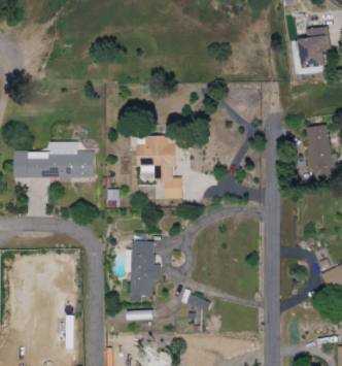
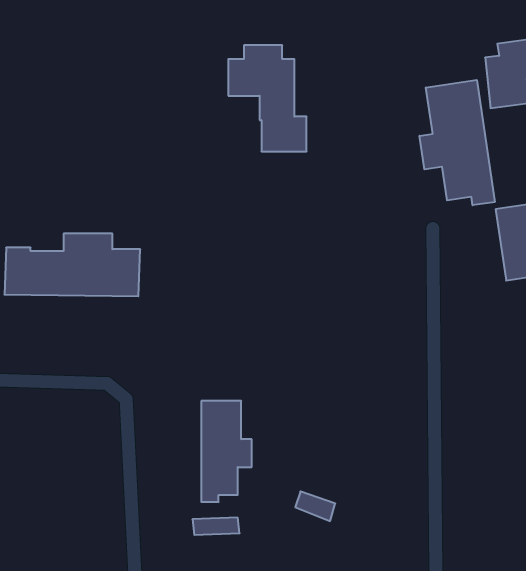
building: none -> [420,80,495,205]
building: [135,136,181,199] -> [228,45,307,151]

